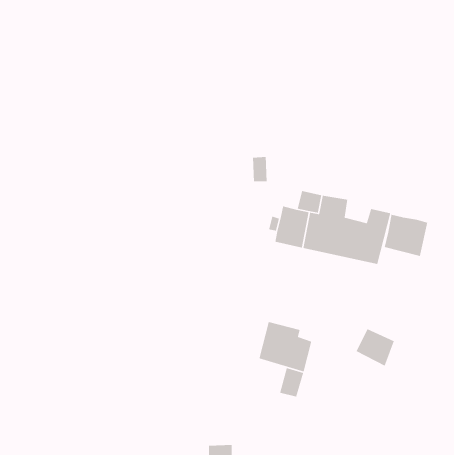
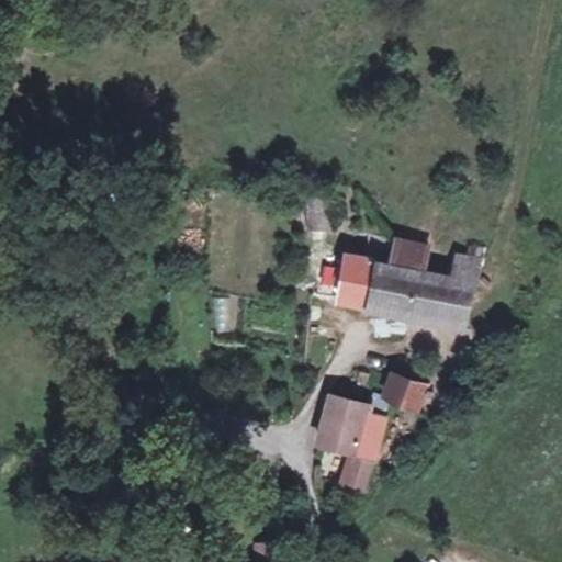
building: [384,214,428,257] -> none
building: [355,328,395,367] -> [381,369,429,416]

